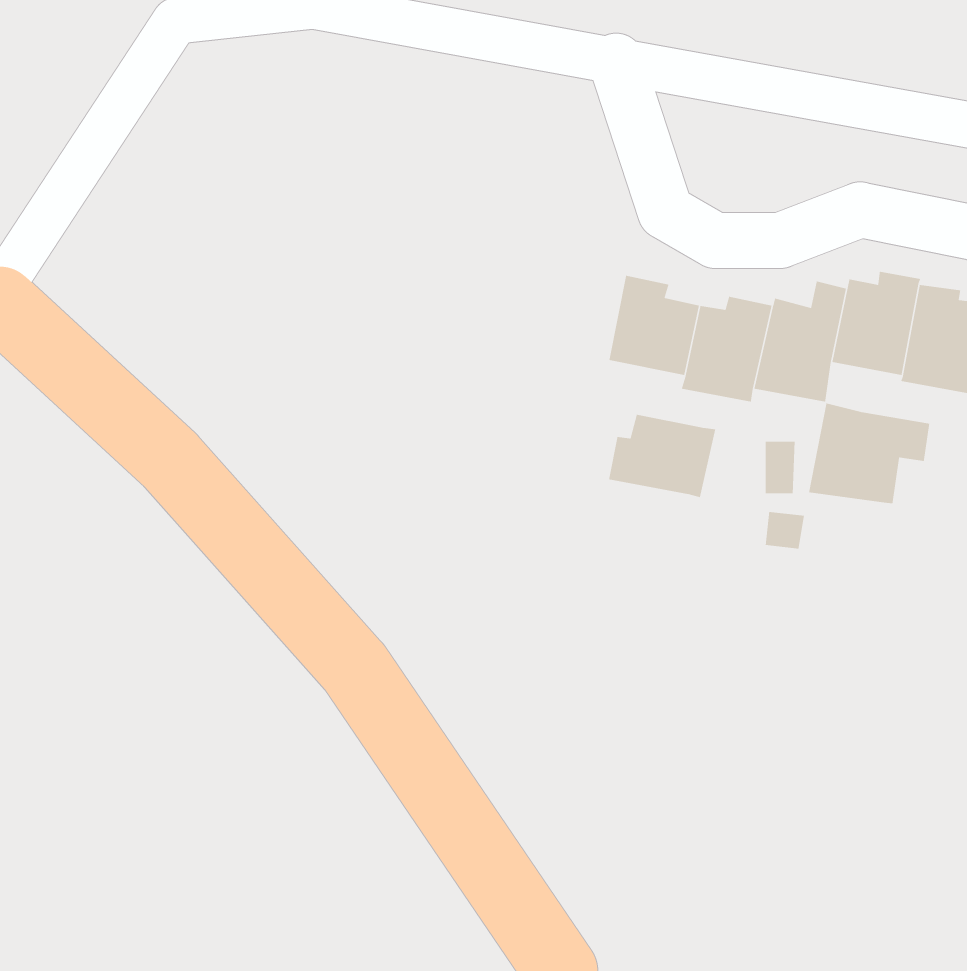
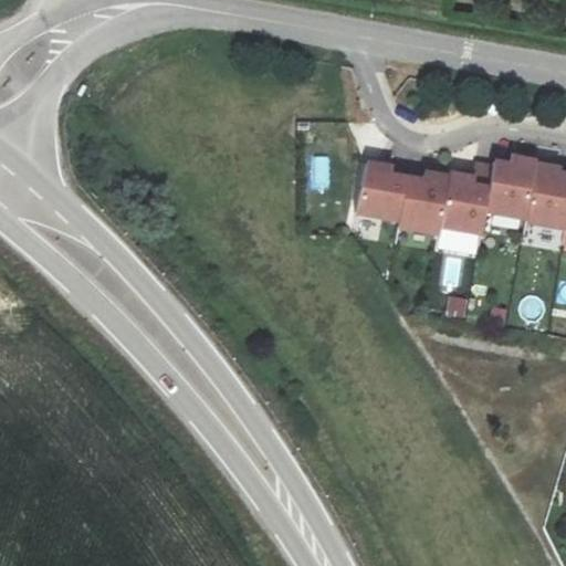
building: [808,403,930,504] -> none
building: [608,414,716,498] -> none

